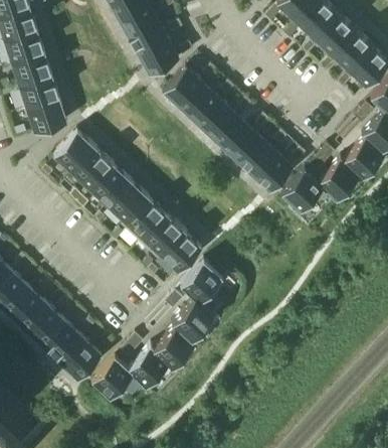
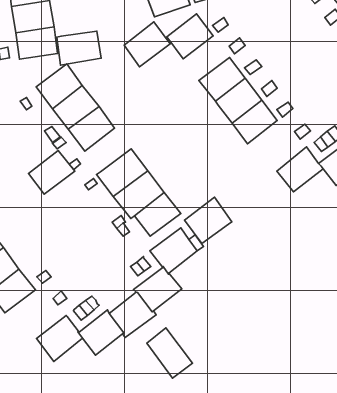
building: [180,84,221,126] -> [124,22,170,67]
building: none -> [57,31,101,65]
building: [250,150,293,192] -> none
building: [106,181,147,222] -> [28,151,75,194]
building: none -> [184,197,232,244]
building: [58,338,101,381] -> none
building: none -> [147,328,192,378]

